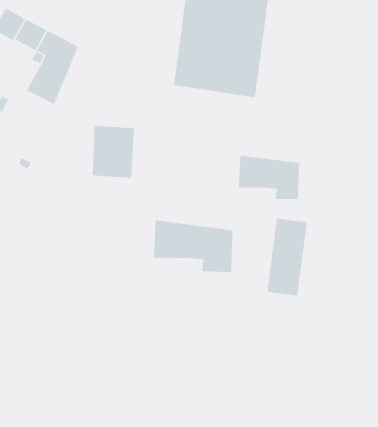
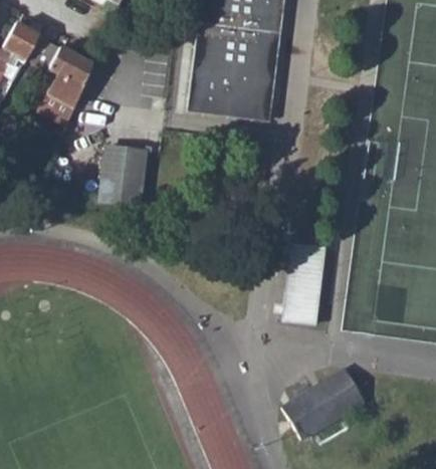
building: [238,155,300,200] -> none
building: [153,219,233,273] -> none
building: none -> [281,371,364,439]

